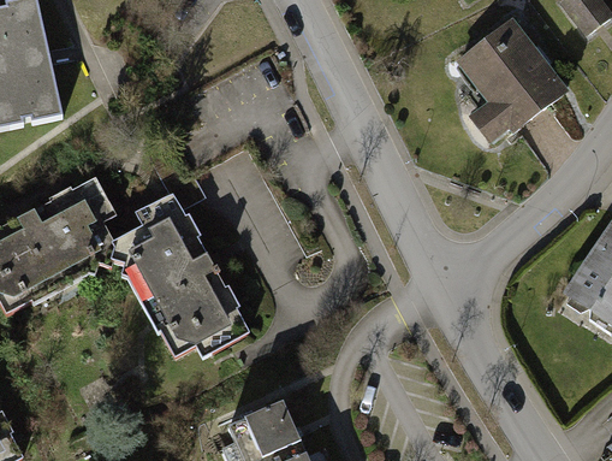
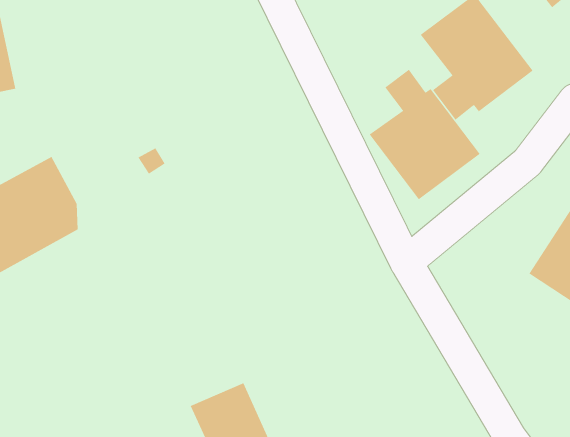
building: none -> [369,69,481,200]
building: [120,193,248,359] -> none

